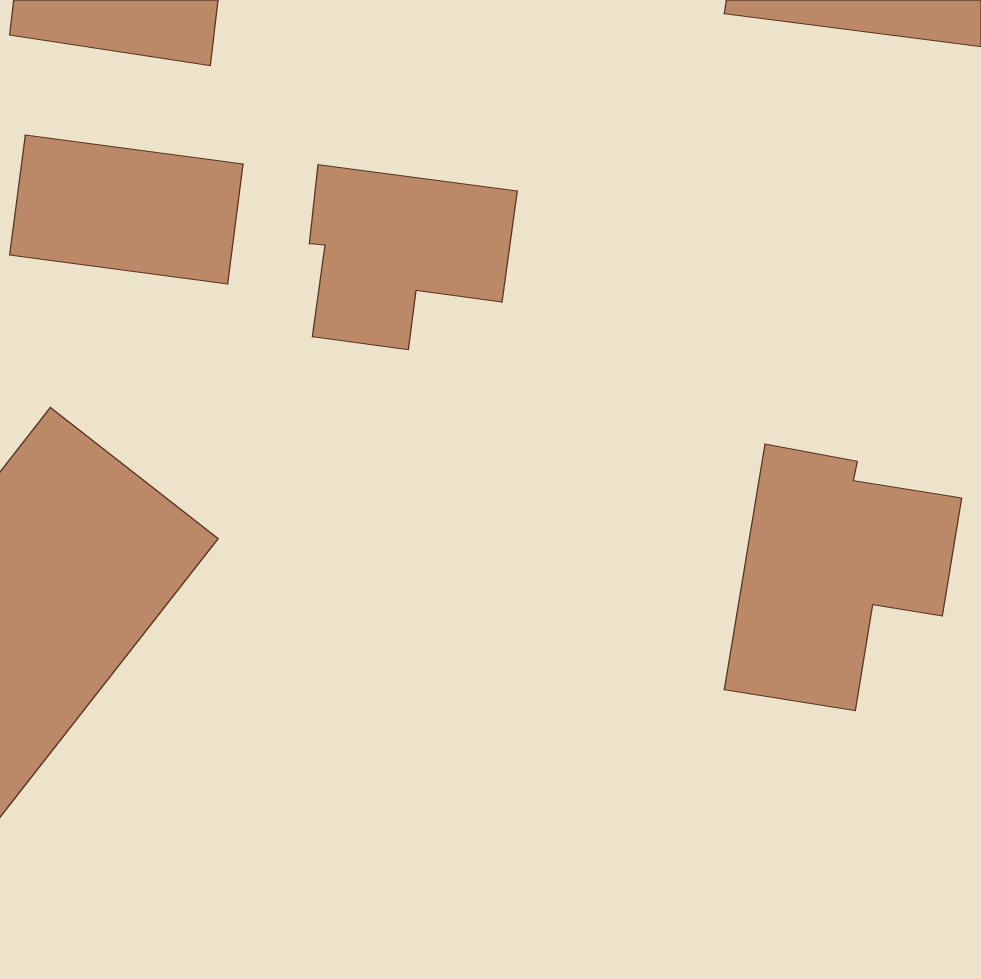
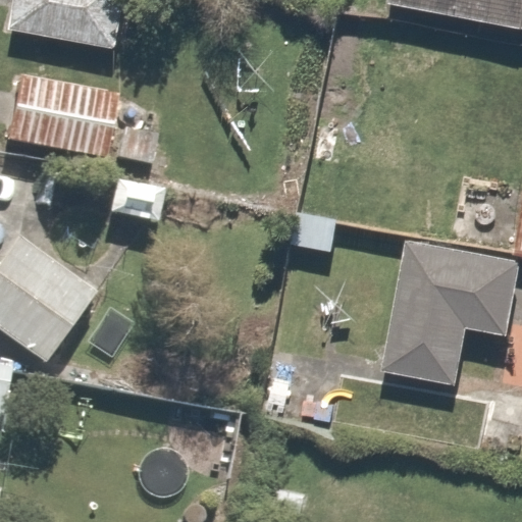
building: [309,164,517,350] -> none

